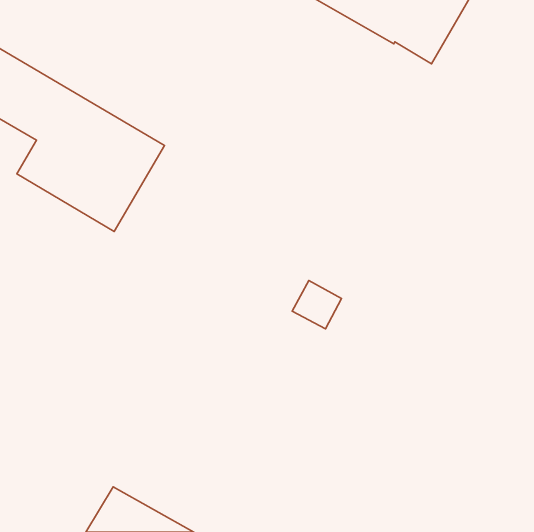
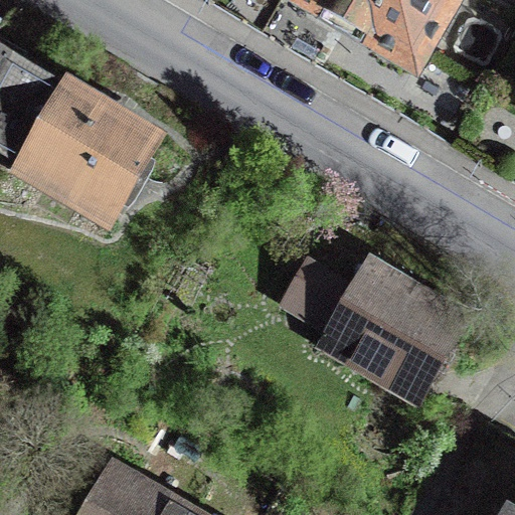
building: none -> [320,264,467,402]

